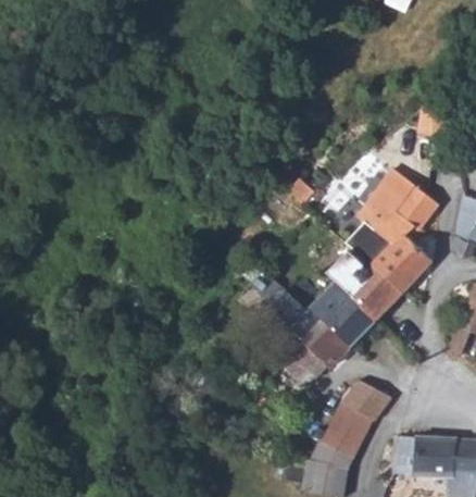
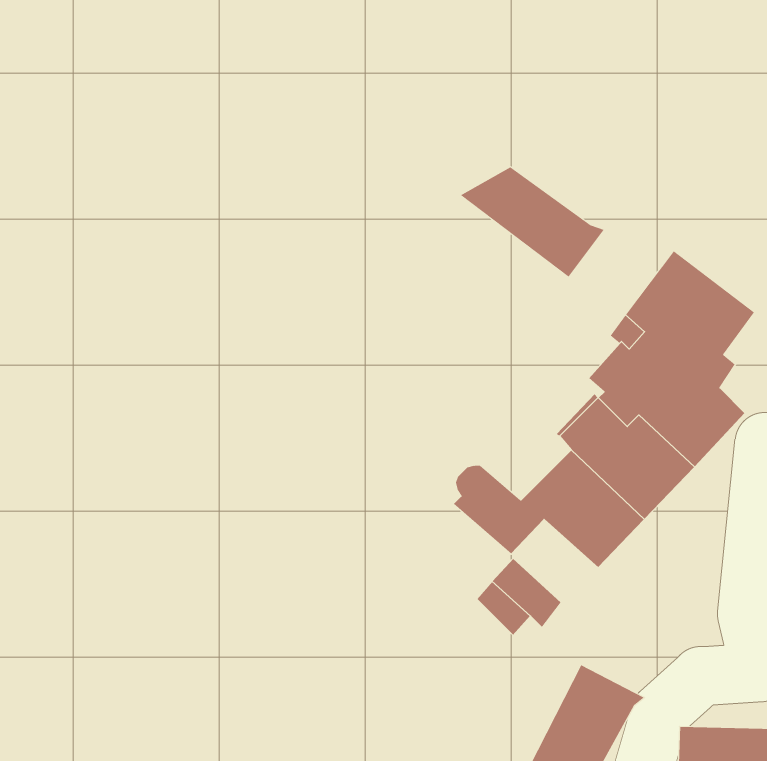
building: none -> [460,167,604,277]
building: [301,320,350,366] -> none
building: [340,380,391,420] -> none

